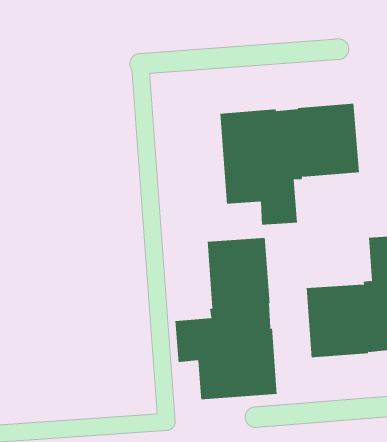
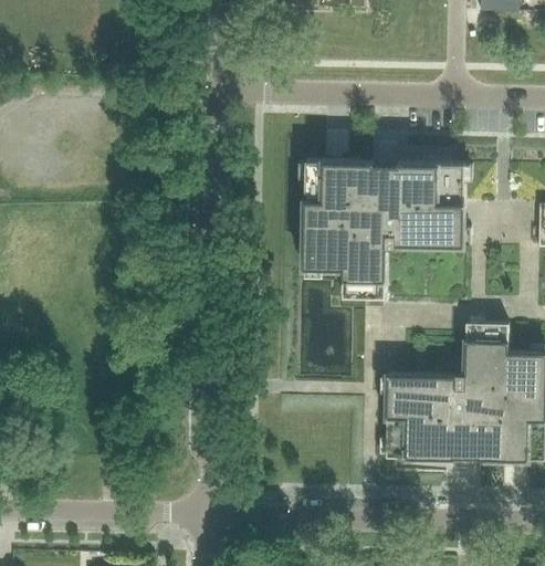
building: [175,237,277,400] -> none

